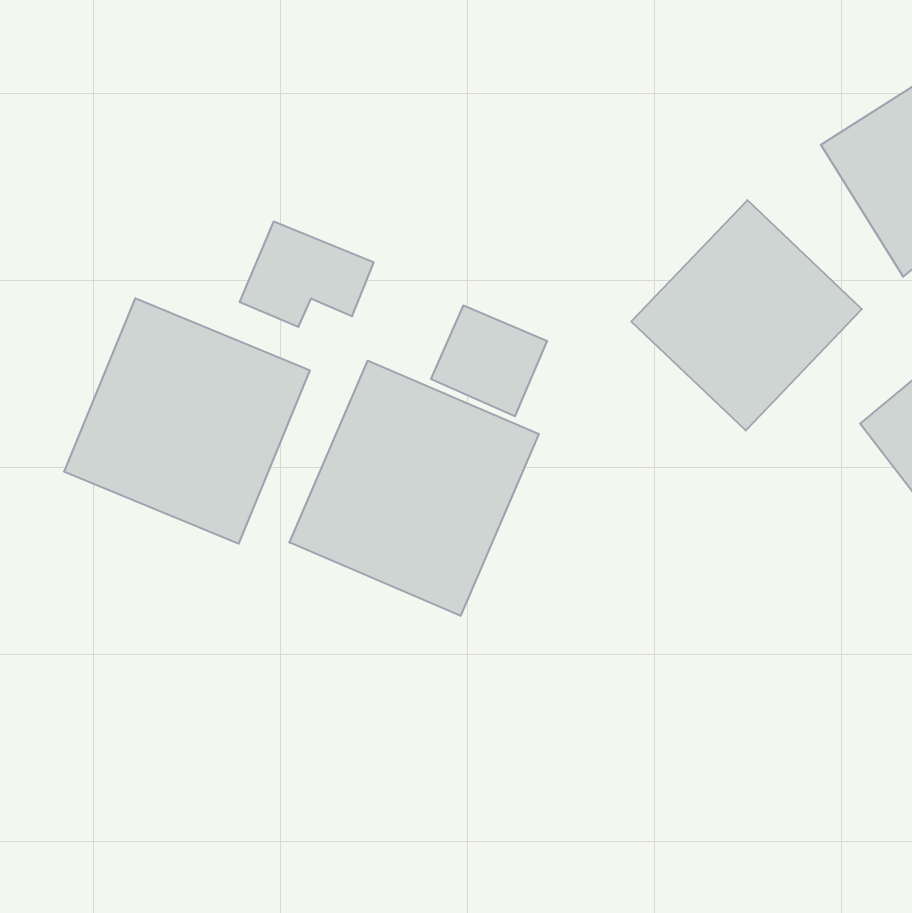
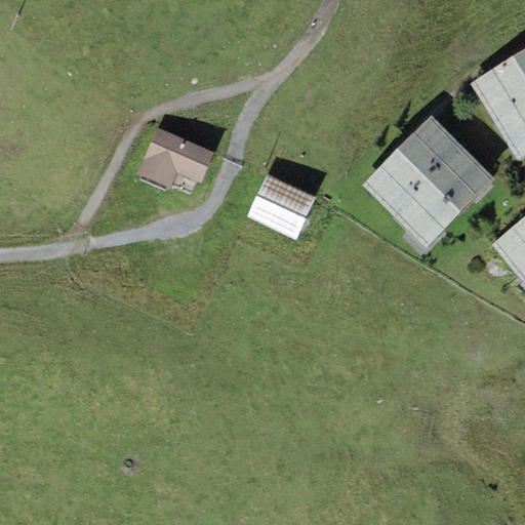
building: [64,298,310,544] -> none
building: [289,361,539,616] -> none

